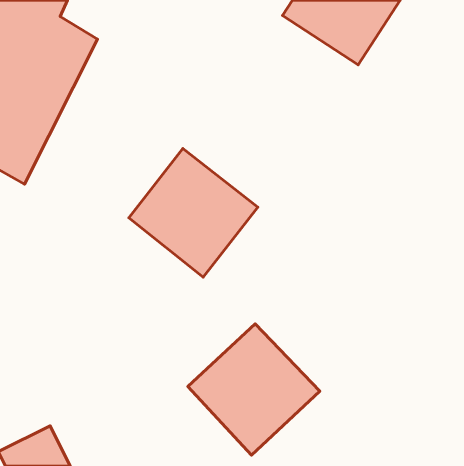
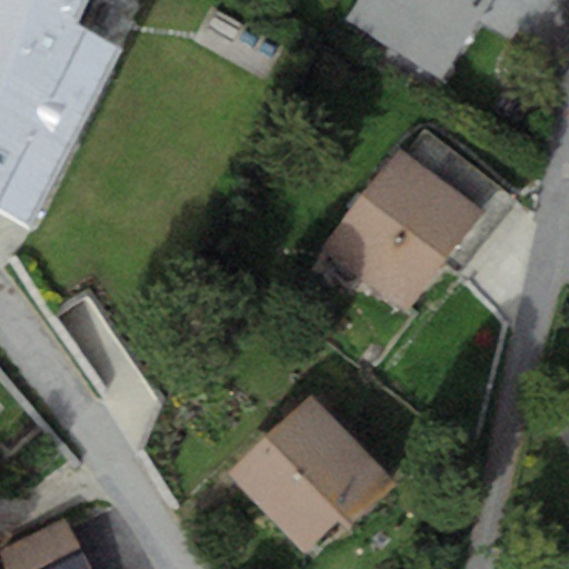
building: none -> [319,128,515,312]
building: [129,149,258,277] -> none

